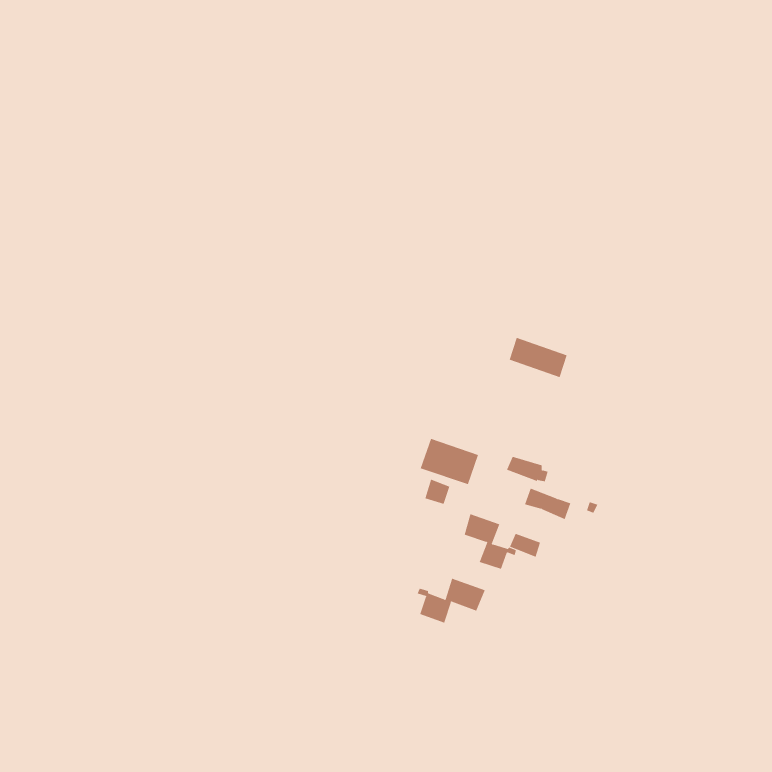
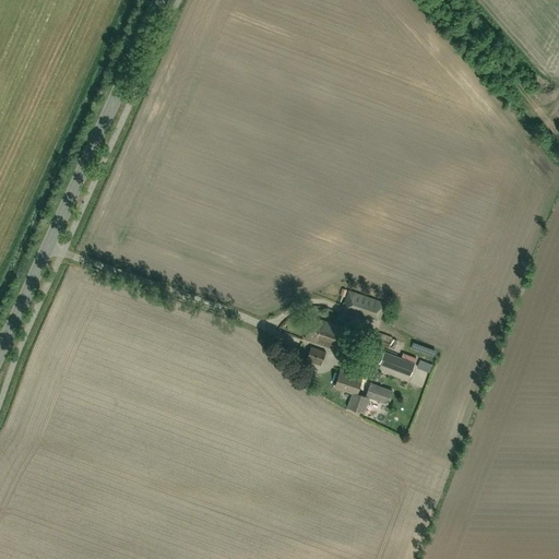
building: [509,337,568,378] -> [343,290,385,320]
building: [417,578,486,624] -> none

